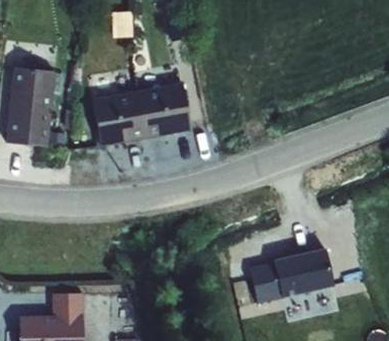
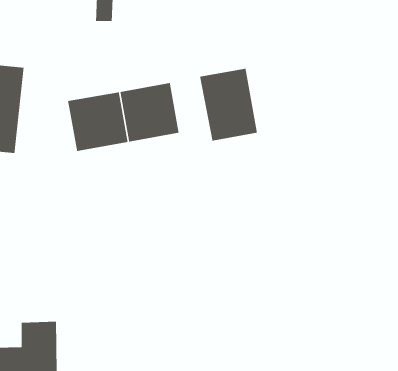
building: none -> [199,68,258,141]
building: [248,248,333,303] -> none

